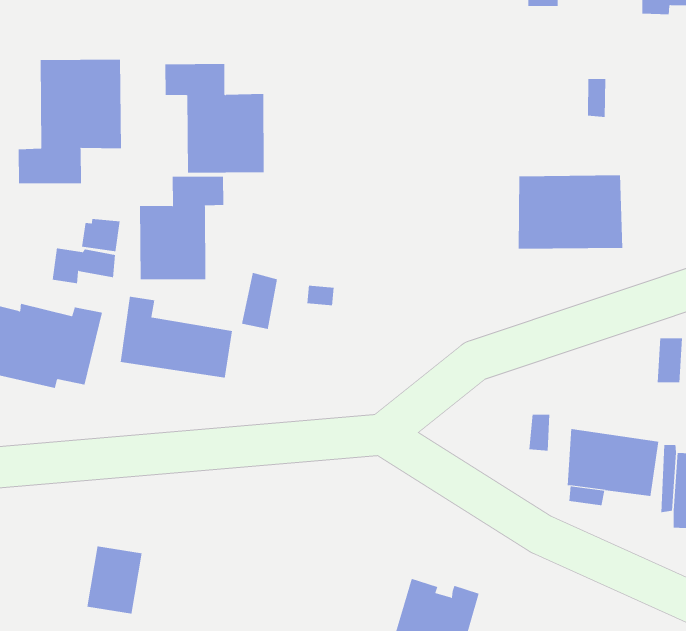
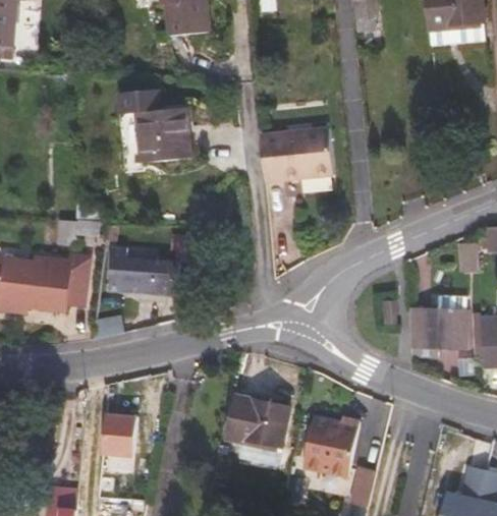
building: [18,59,121,184] -> none
building: [518,175,623,249] -> [261,127,334,182]
building: [139,176,224,280] -> none
building: none -> [227,394,288,446]

